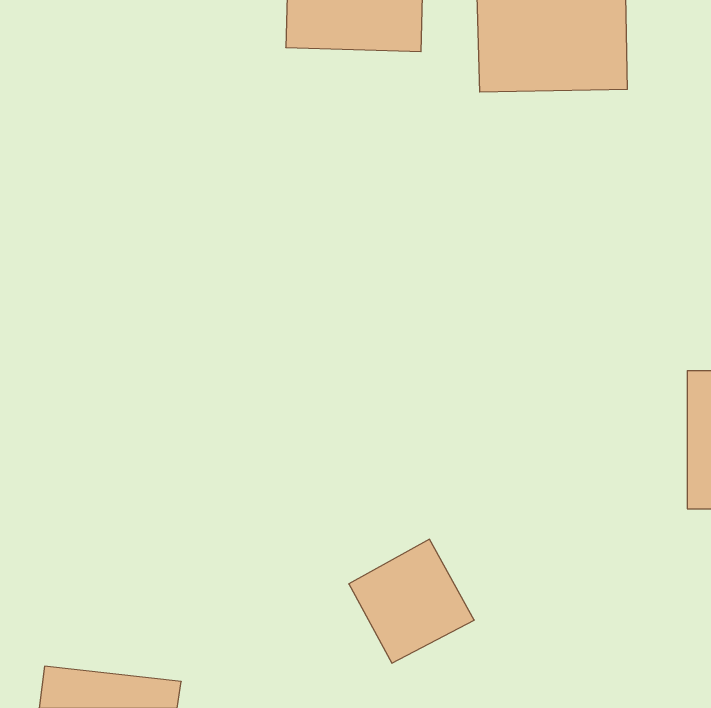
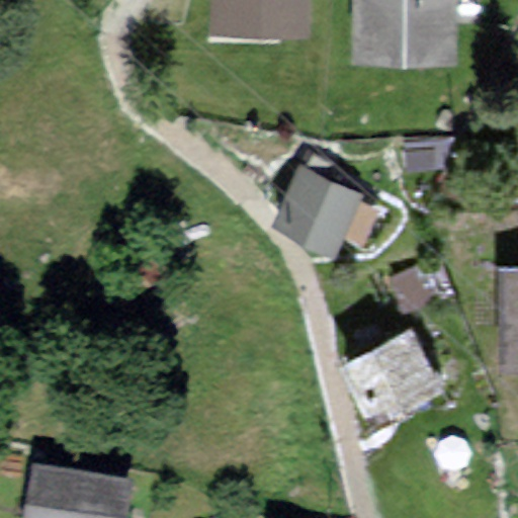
building: none -> [279,167,362,247]
building: [349,539,474,663] -> [349,331,440,421]

